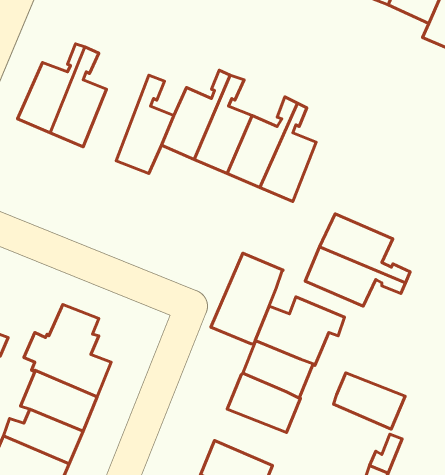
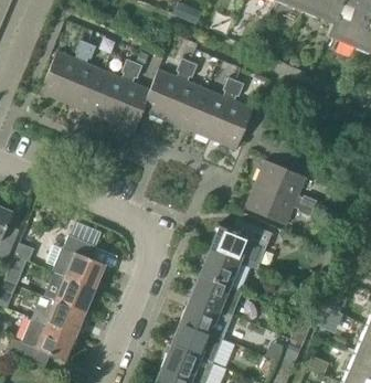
building: none -> [87,60,134,123]
building: [211,253,283,344] -> none
building: [333,373,405,429] -> [180,298,231,338]

